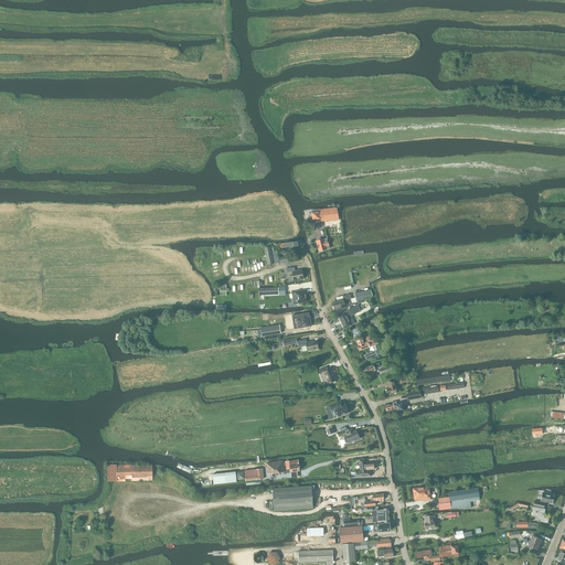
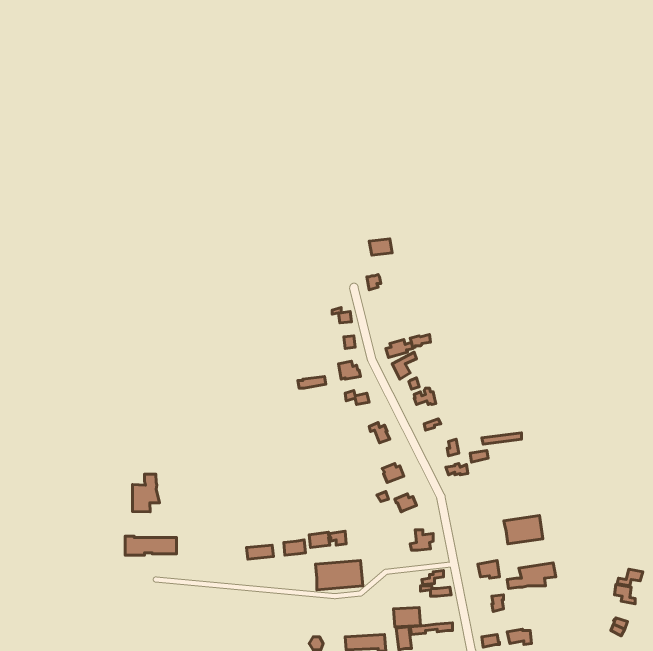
building: none -> [132,474,159,512]
building: none -> [504,516,543,544]

